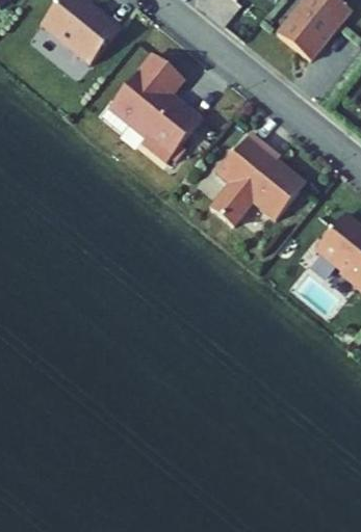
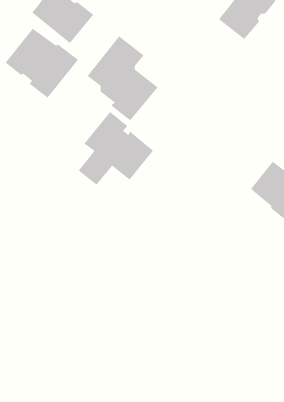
building: none -> [5,28,79,98]
building: [209,134,305,228] -> [78,111,154,185]

